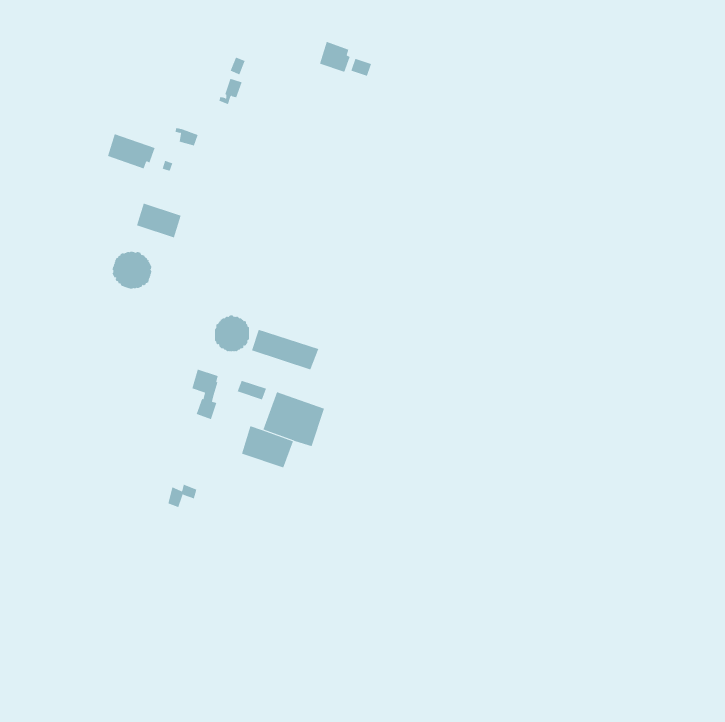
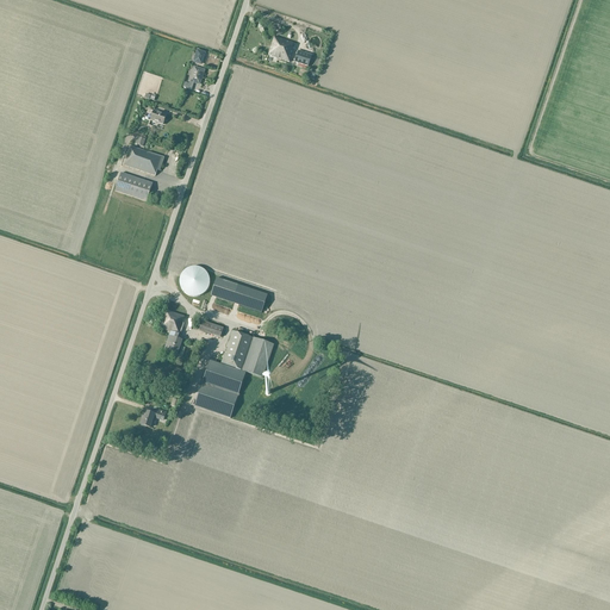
building: [107,134,155,169] -> [124,144,164,174]
building: [112,251,152,290] -> none
building: none -> [194,381,238,417]

